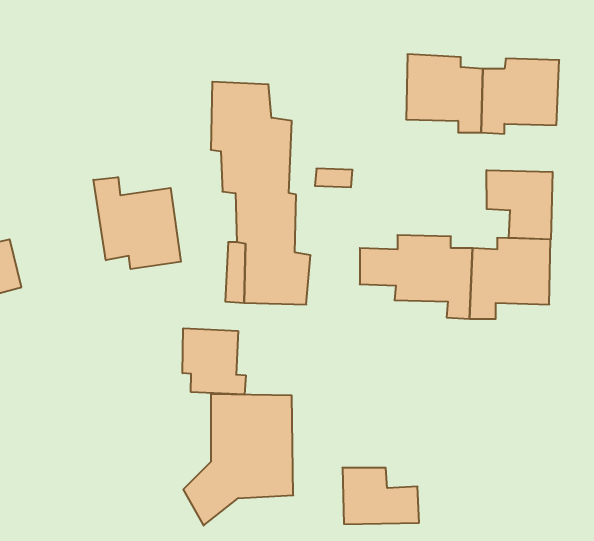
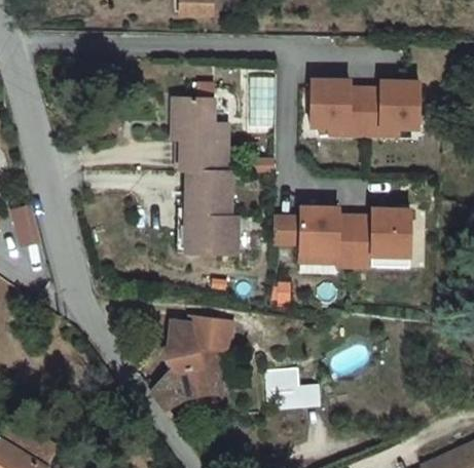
building: [487,170,552,239] -> none
building: [93,177,181,269] -> none
building: [183,328,246,395] -> none

